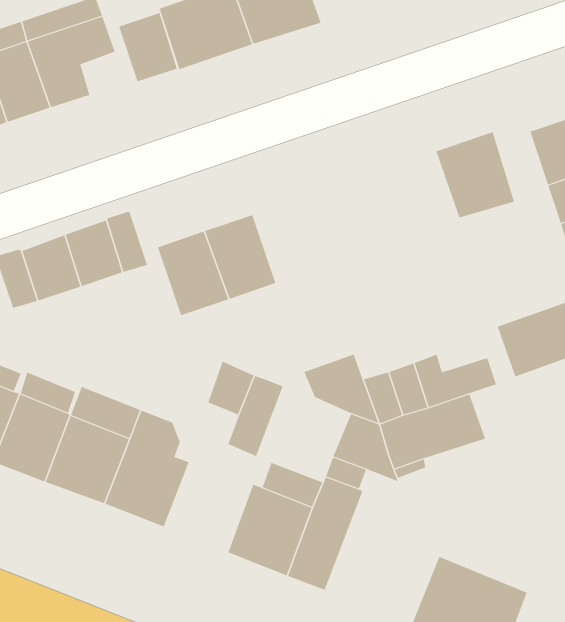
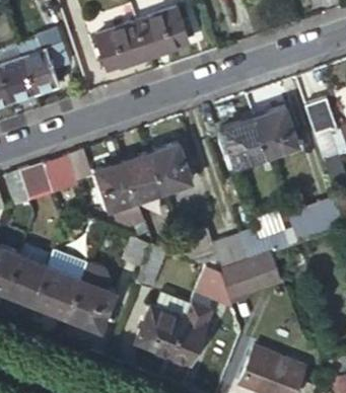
building: [119,12,177,82] -> none
building: none -> [221,119,265,167]
building: none -> [149,144,191,192]

